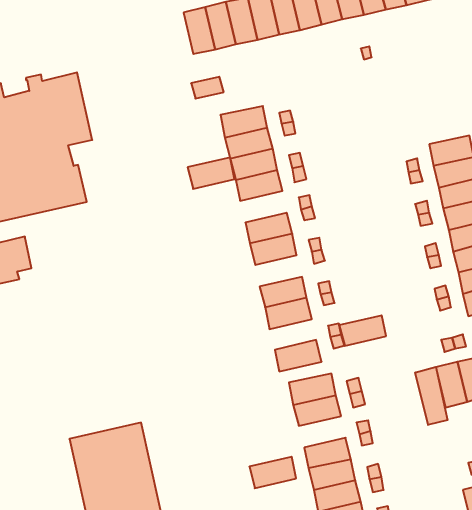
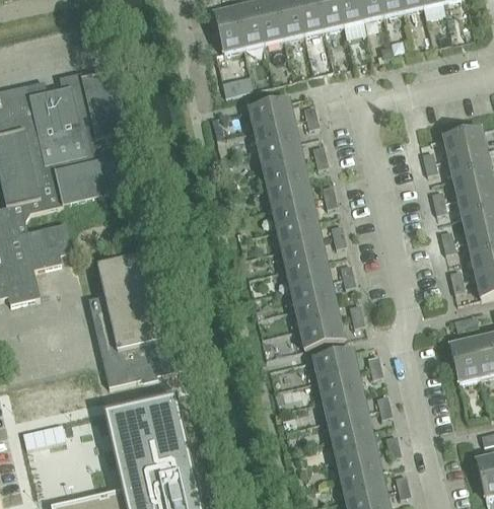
building: [188,157,234,189] -> [268,180,311,210]
building: none -> [282,240,326,270]
building: none -> [89,253,185,386]
building: [339,315,386,346] -> [295,300,339,329]
building: [415,367,448,425] -> none
building: [249,457,296,488] -> [323,390,366,420]

